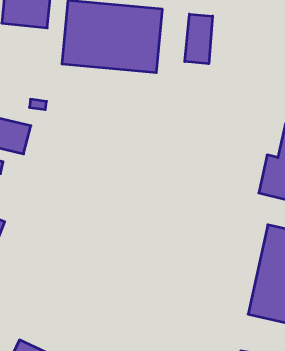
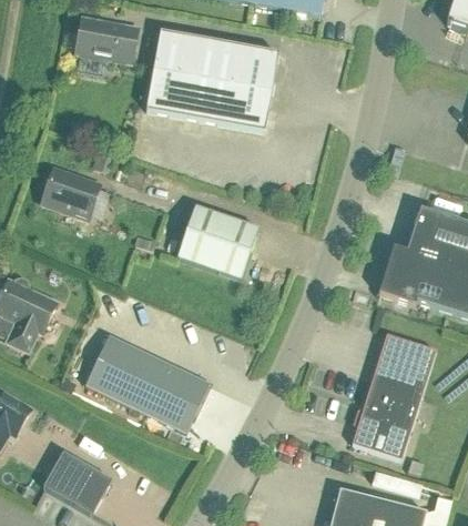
building: [185,14,213,64] -> none
building: none -> [177,205,258,279]
building: none -> [85,335,210,433]

